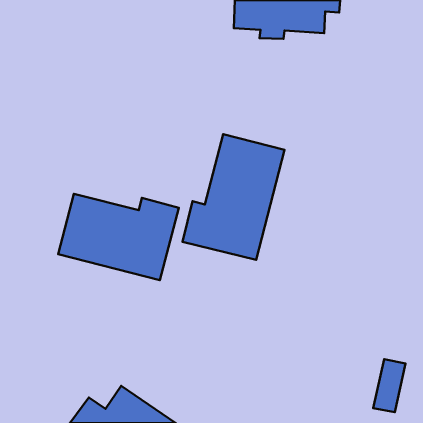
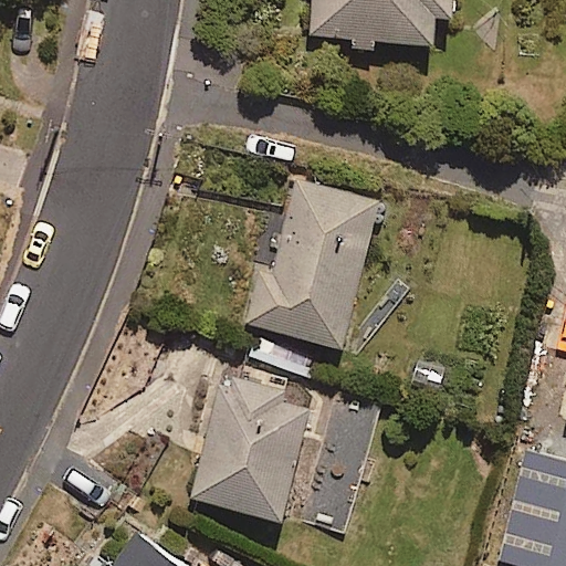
building: [58,194,179,280] -> none
building: none -> [190,375,311,520]

